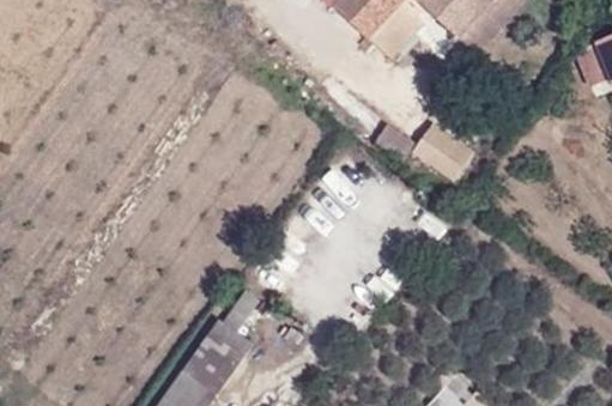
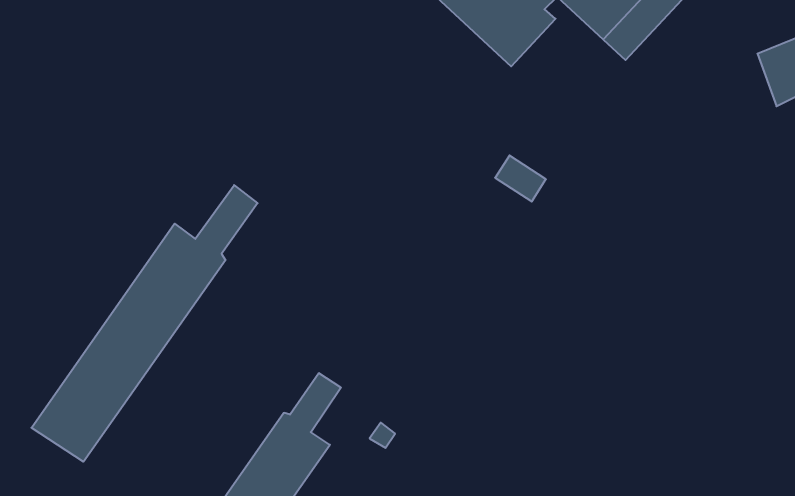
building: [417,127,469,176] -> none
building: none -> [31,185,258,462]

